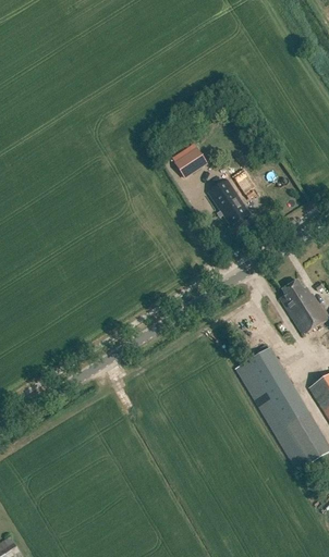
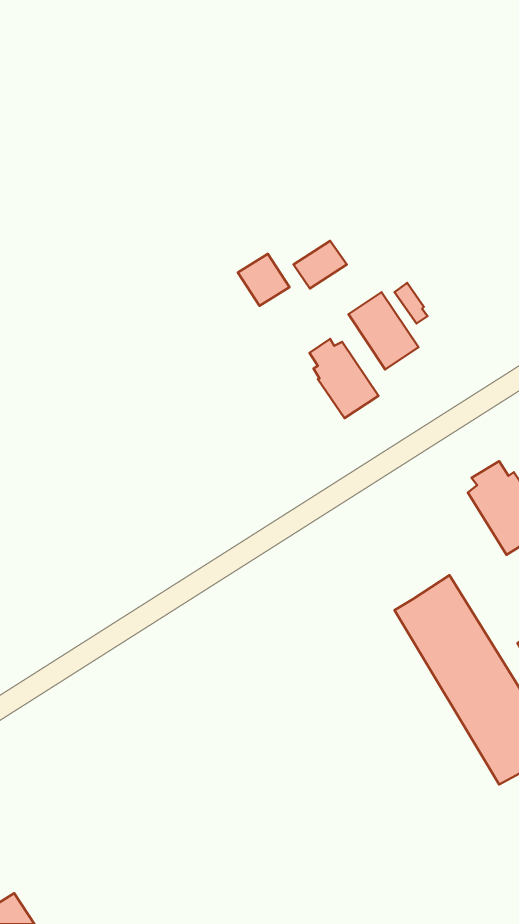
building: none -> [238,254,290,306]
building: none -> [309,339,378,418]

